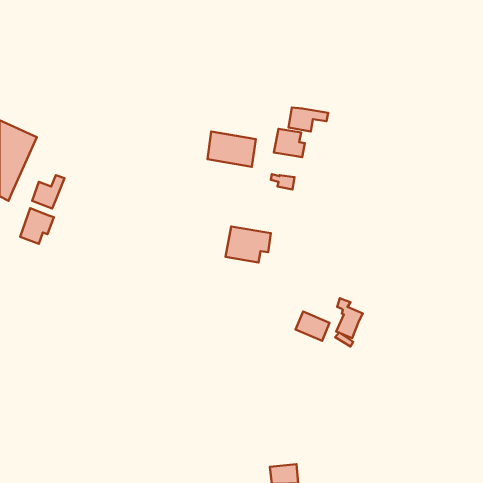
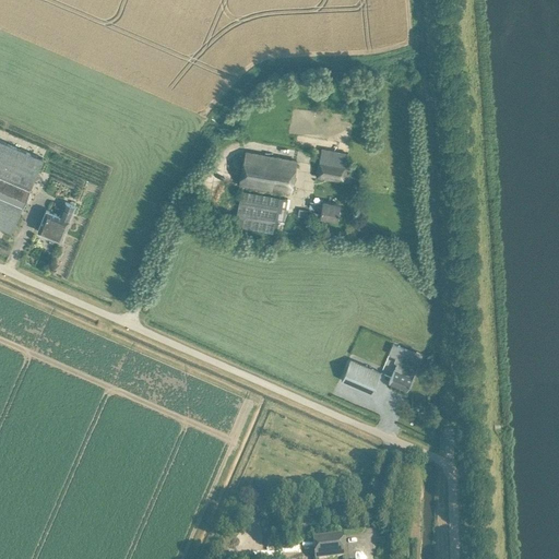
building: [289,107,328,132] -> none
building: [20,208,54,244] -> none
building: [226,227,271,262] -> [234,192,286,234]

